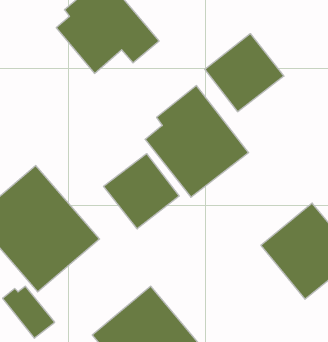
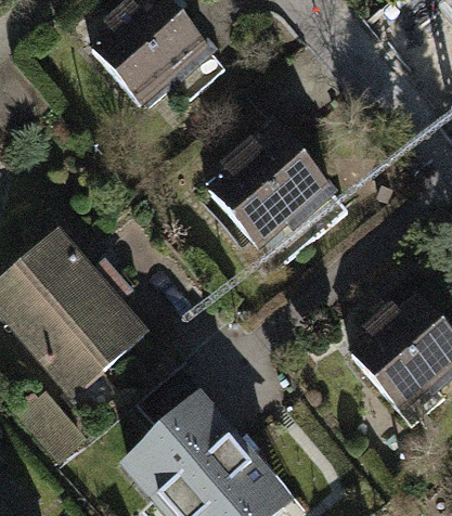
building: [205,34,284,112] -> none
building: [104,154,179,229] -> none

